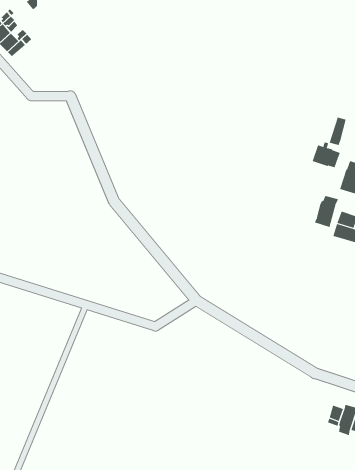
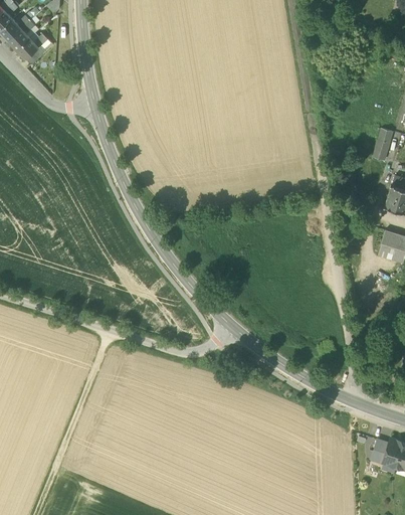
building: [312,141,340,168] -> none
building: [314,195,339,228] -> none

